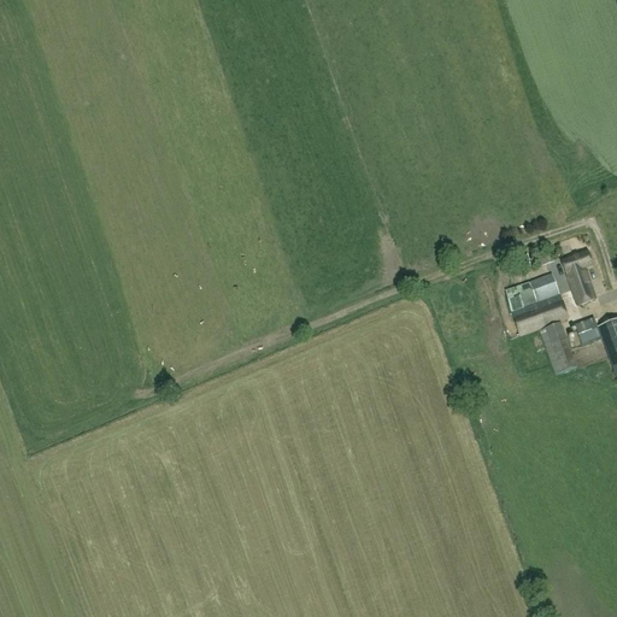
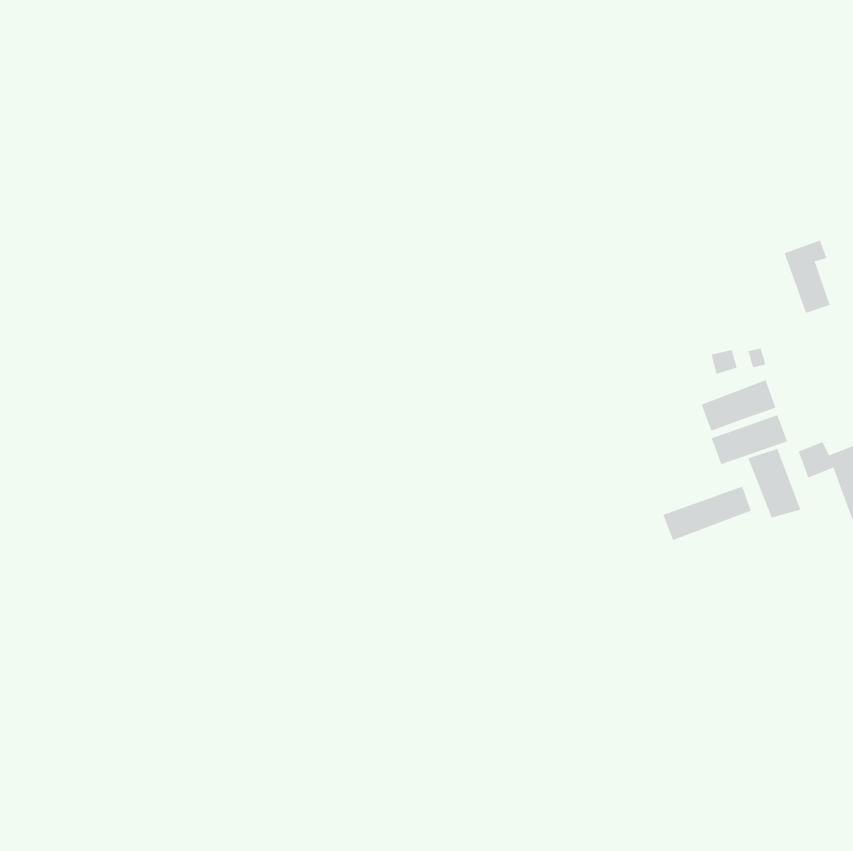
building: [563,252,597,305] -> [784,240,831,313]
building: none -> [663,486,751,541]

